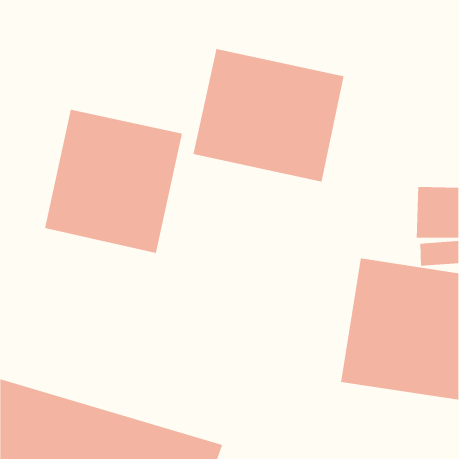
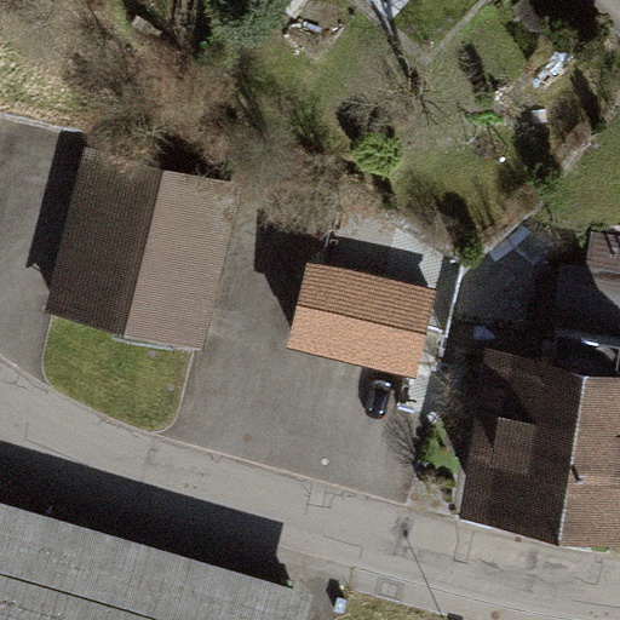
building: [193,48,344,183] -> none
building: none -> [310,271,454,371]

